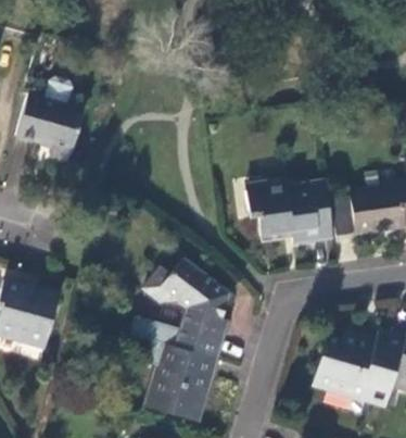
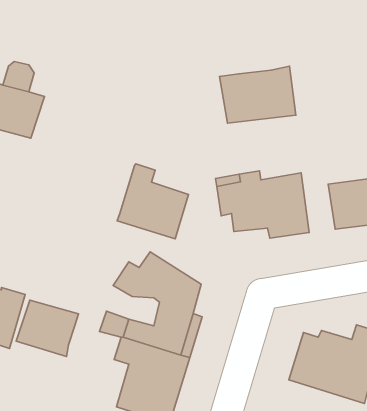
building: none -> [219,66,296,123]
building: none -> [117,164,188,239]
building: none -> [16,300,79,357]

